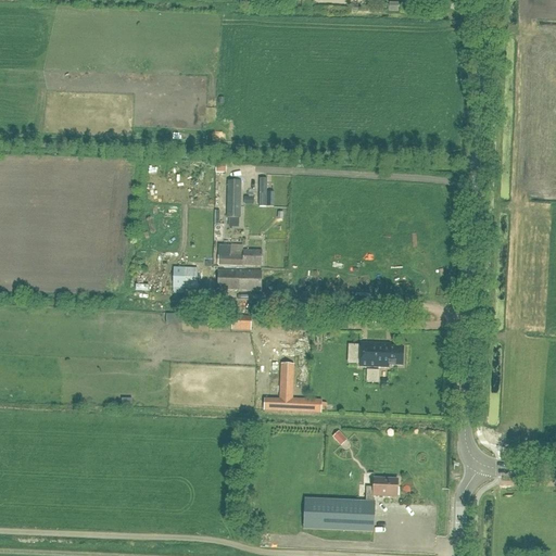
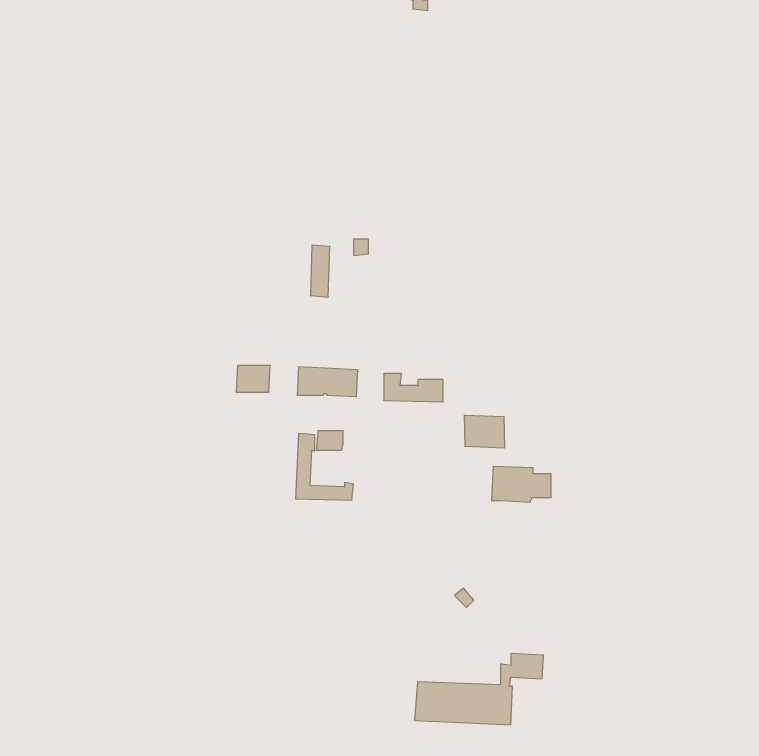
building: [218,244,262,265] -> [384,374,443,402]
building: none -> [464,415,505,448]
building: [279,363,321,412] -> [295,433,353,500]

